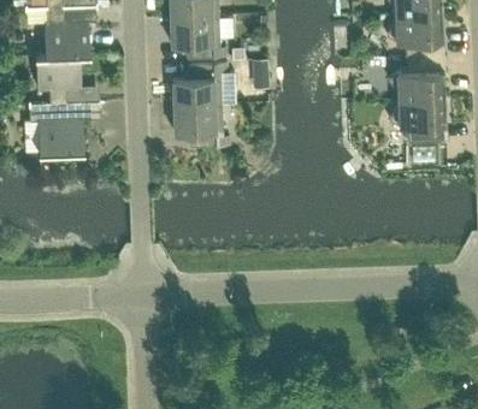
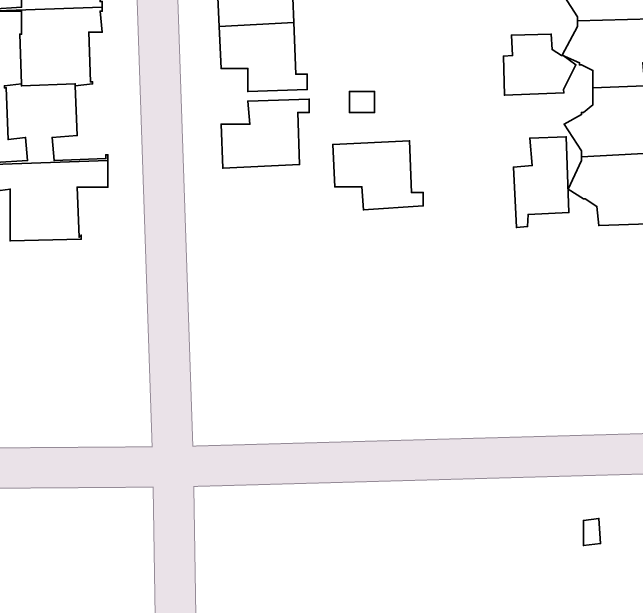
building: none -> [504,34,576,95]
building: none -> [513,137,569,227]
building: [173,107,230,150] -> [333,141,423,210]

